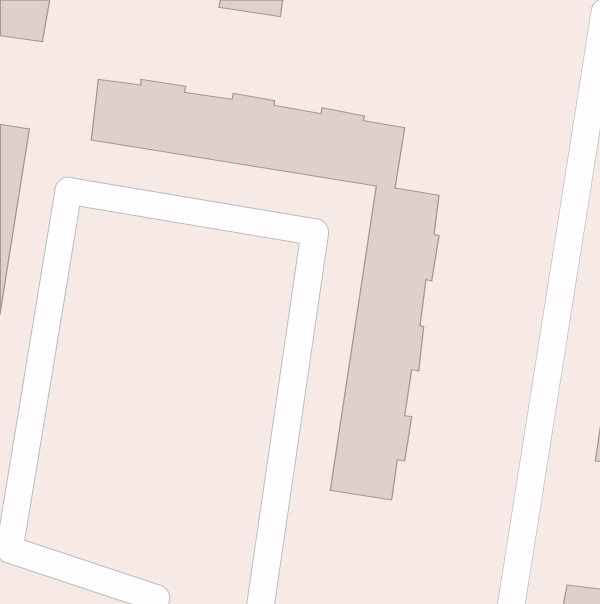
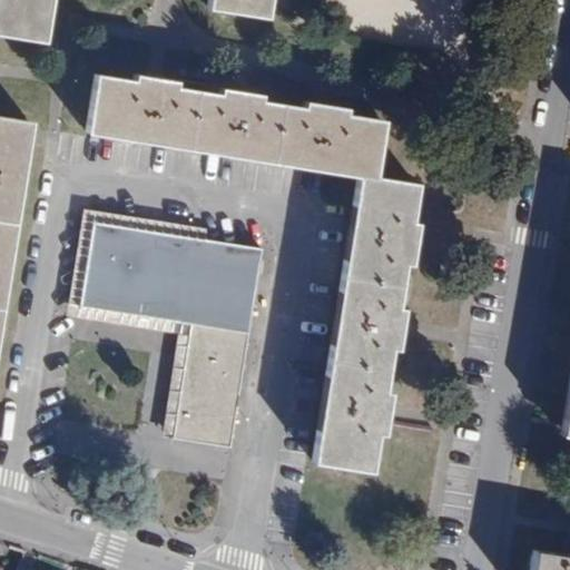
building: none -> [85,223,264,448]

